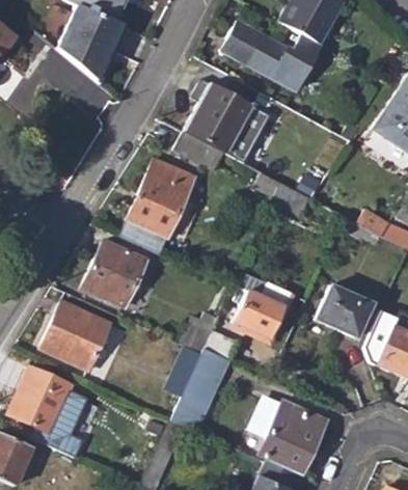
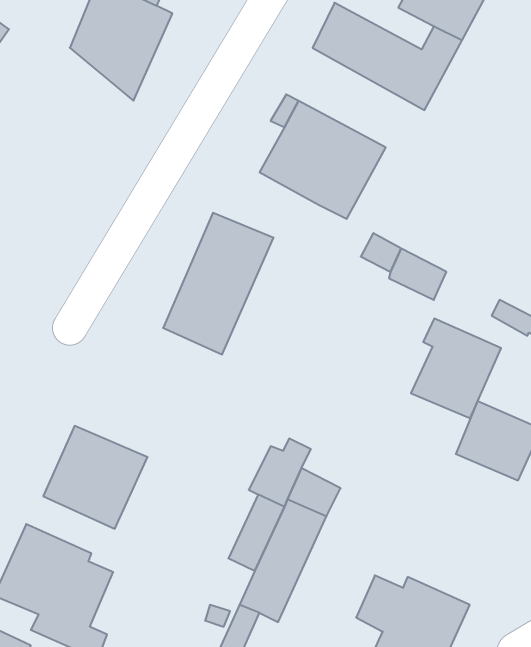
building: [176,132,225,172] -> none
building: [82,240,147,308] -> none
building: [232,273,292,339] -> [411,318,501,418]

